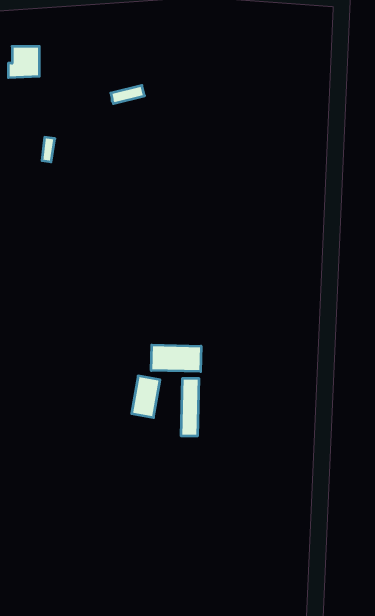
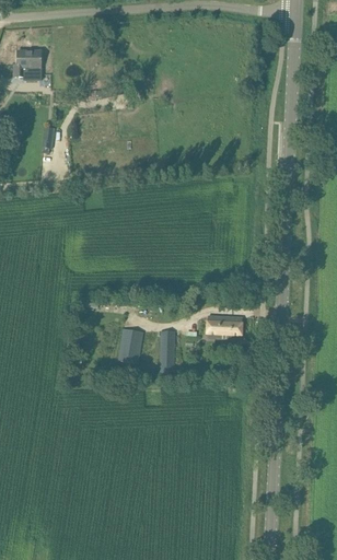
building: [151,345,201,372] -> none
building: none -> [207,315,242,339]

